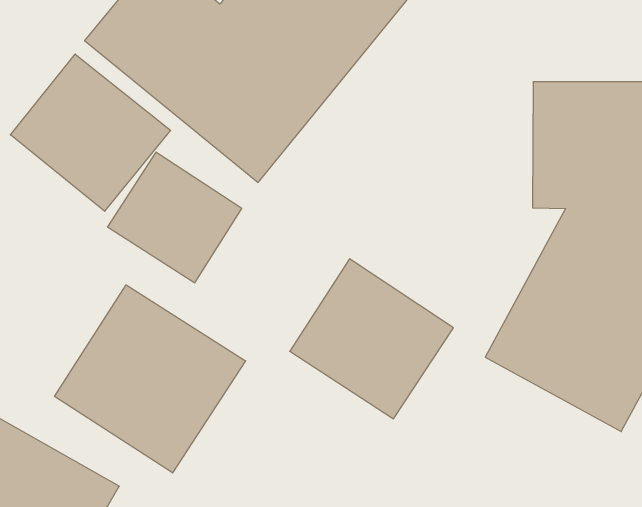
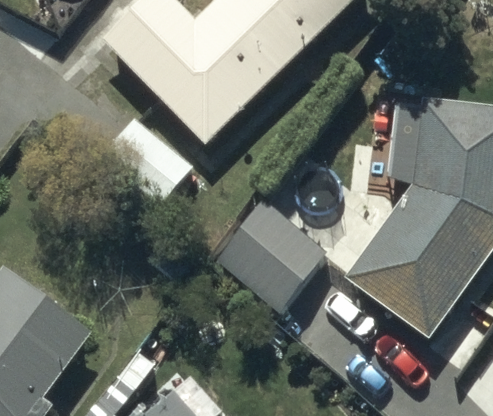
building: [10,54,171,211] -> none
building: [55,285,246,473] -> none

